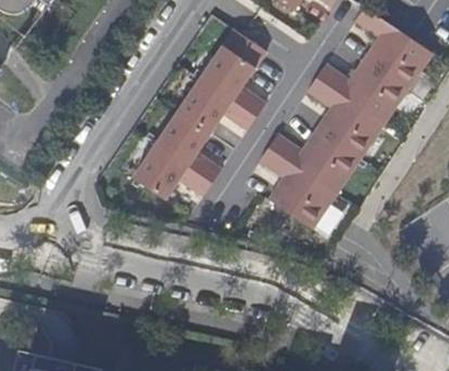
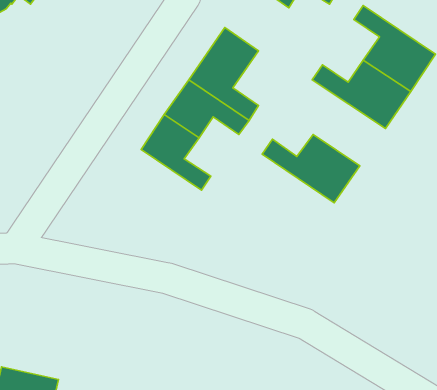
building: [307,78,384,159] -> none
building: [131,143,211,198] -> none
building: [258,148,336,229] -> none

